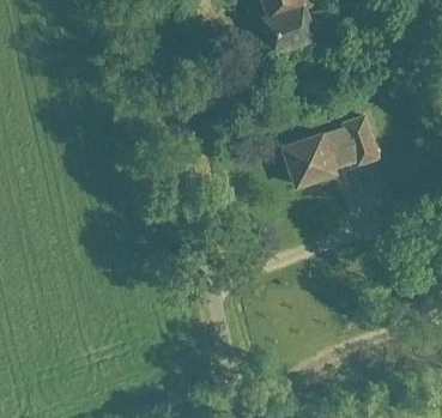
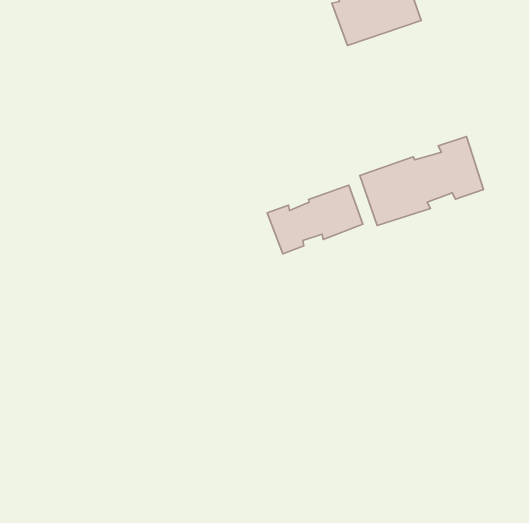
building: none -> [267,185,363,254]

